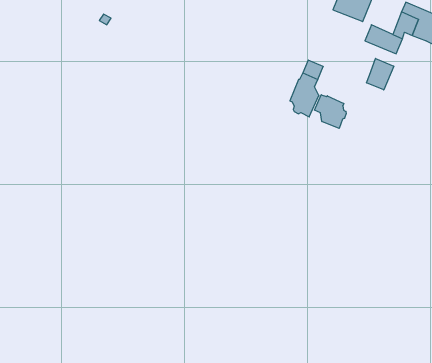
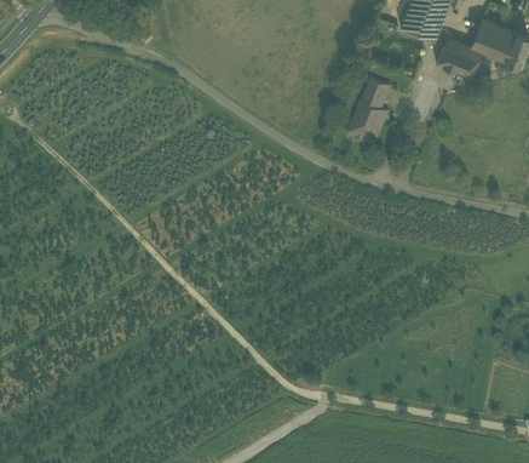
building: [367,58,394,90] -> none
building: [315,95,346,128] -> none

